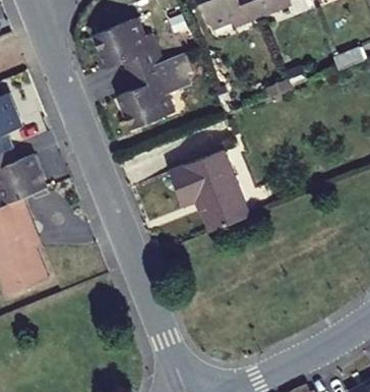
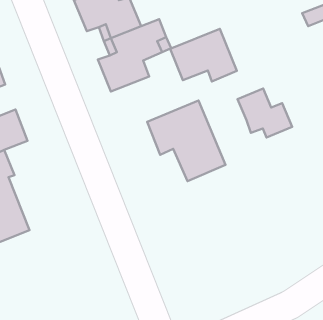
building: none -> [170,29,237,82]
building: none -> [238,88,292,138]

